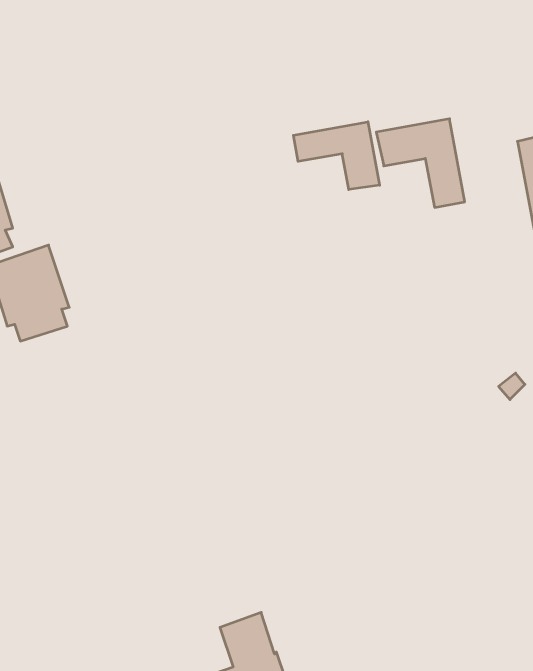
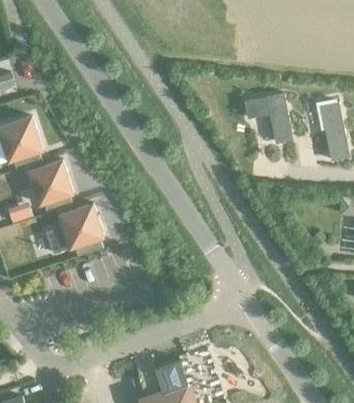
building: [293,122,380,190] -> none
building: none -> [46,203,103,256]

